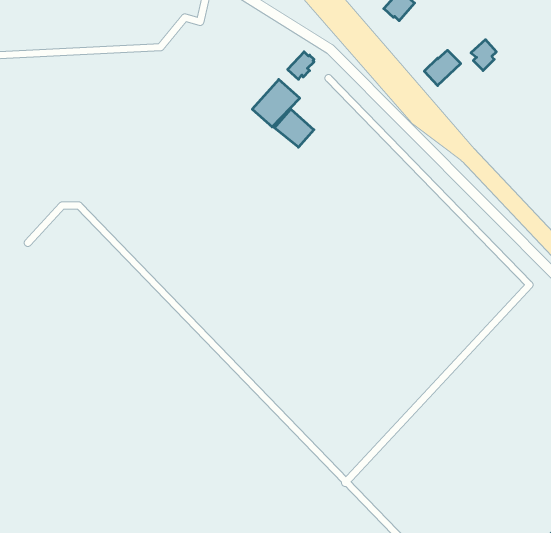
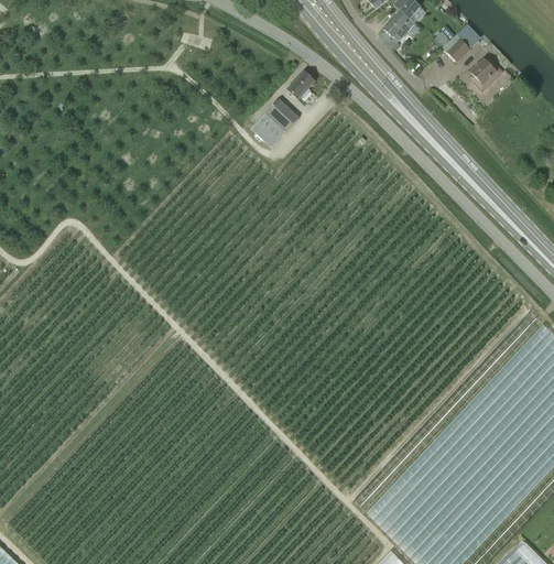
building: [424,50,461,86] -> [443,25,479,61]
building: [274,109,314,147] -> none

